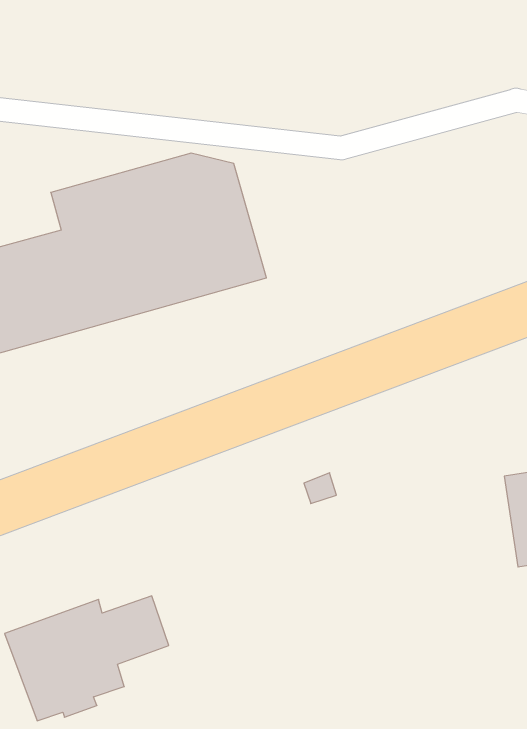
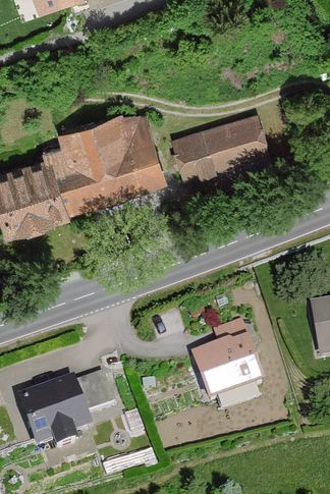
building: none -> [174,116,271,179]
building: none -> [187,322,260,404]

